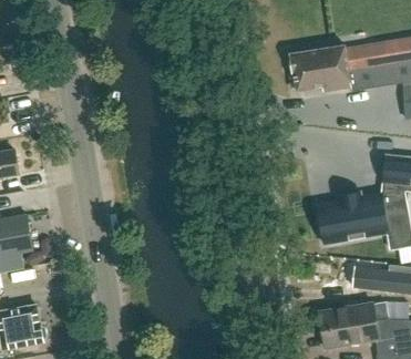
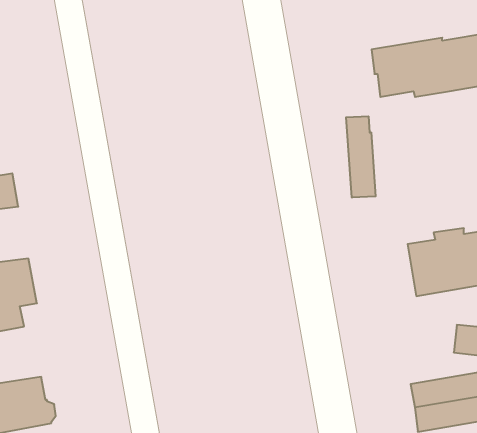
building: none -> [346,116,376,198]

